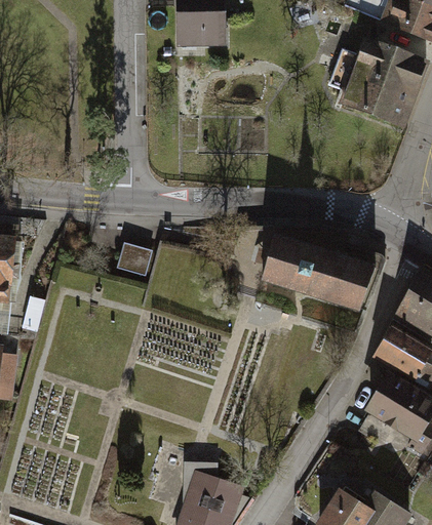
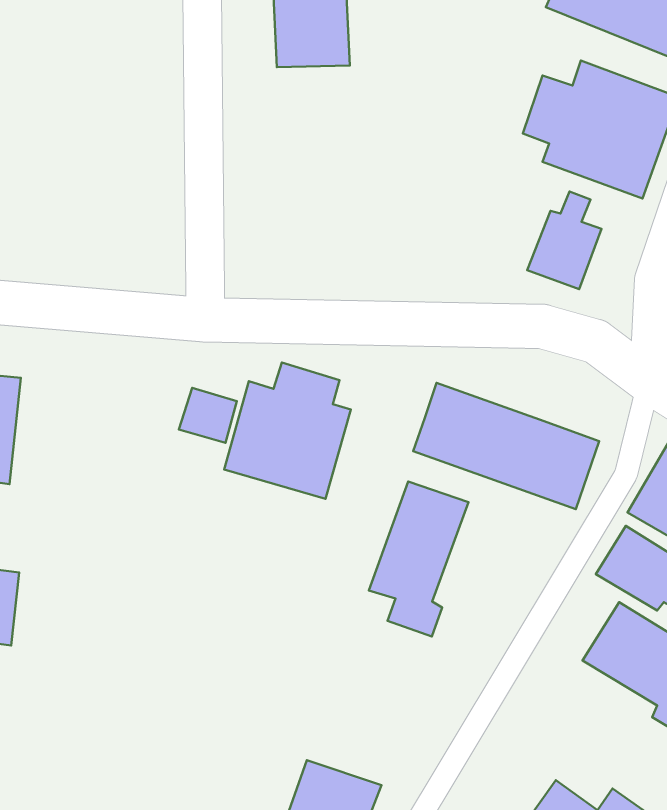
building: none -> [527,191,601,289]
building: none -> [224,363,351,499]
building: none -> [369,482,468,637]

